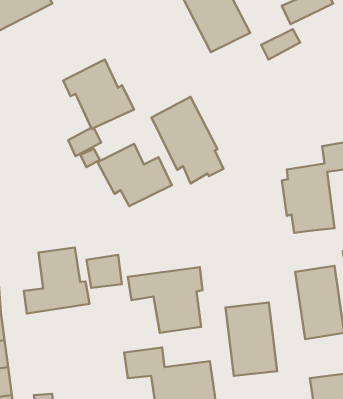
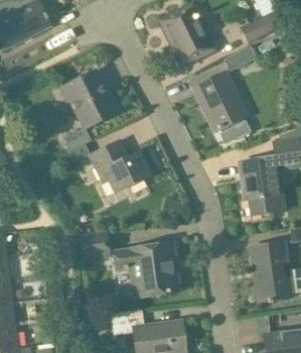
building: [151,97,224,183] -> [192,71,252,142]
building: [24,247,90,313] -> none
building: [226,303,277,376] -> none

